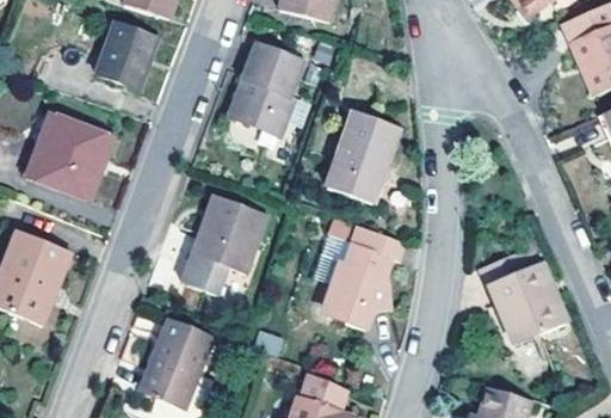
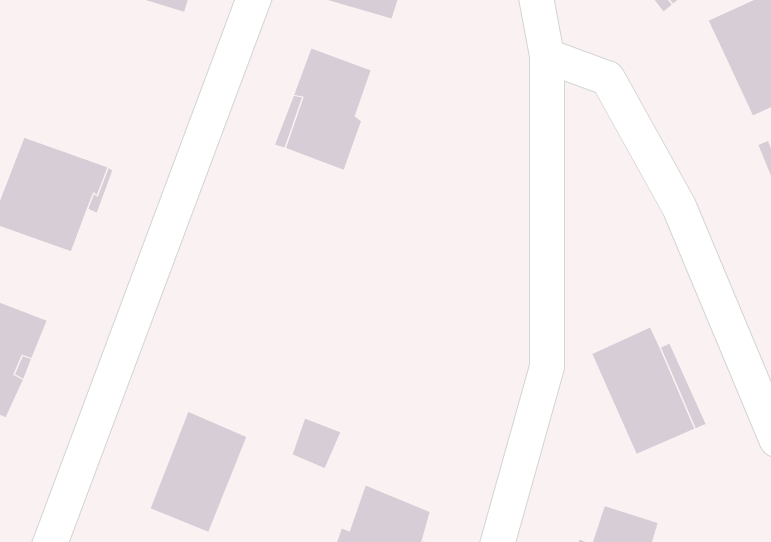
building: [98,19,160,87] -> none
building: [320,107,396,201] -> none
building: [186,195,269,296] -> none
building: [326,225,395,330] -> none

